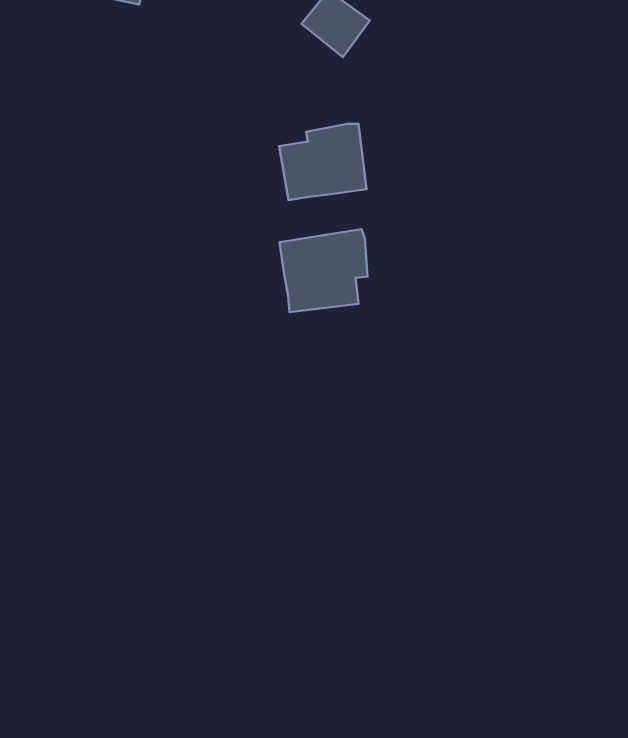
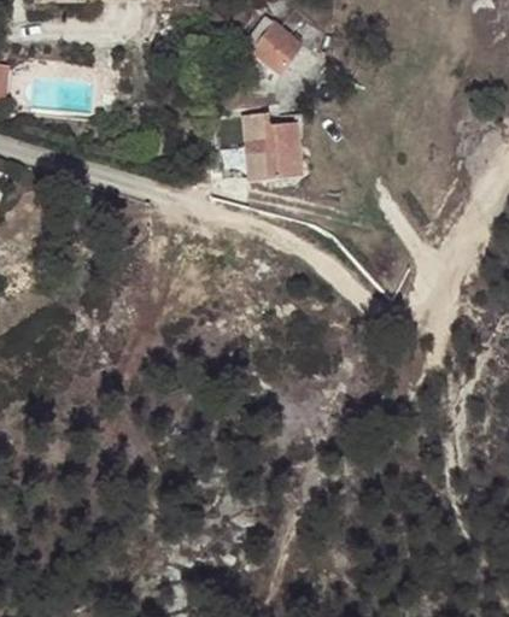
building: [280,229,368,312] -> none

